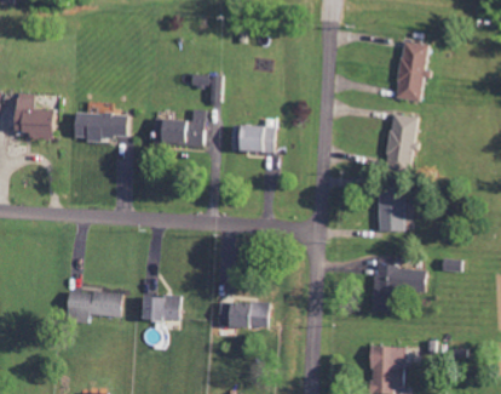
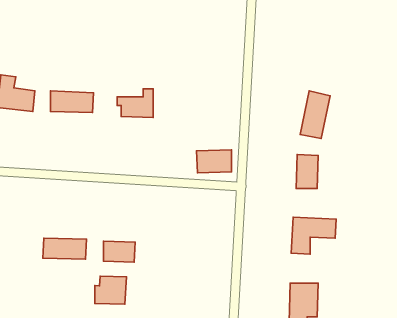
building: [393,41,427,102] -> none
building: [231,125,273,153] -> [197,150,231,173]
building: [218,302,267,327] -> none
building: none -> [95,276,126,304]

